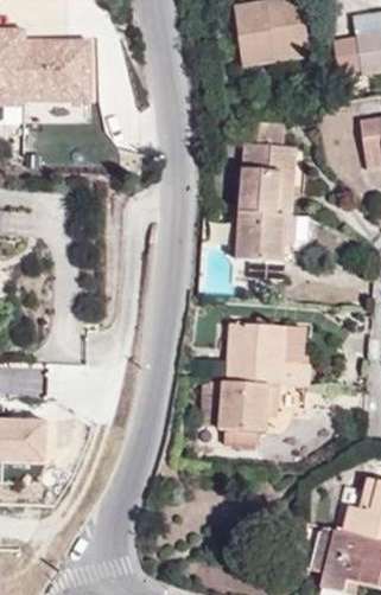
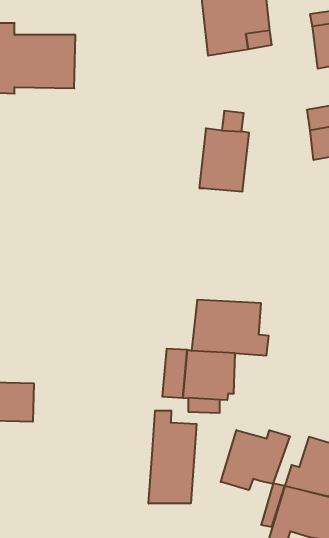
building: [234,206,293,276] -> none
building: none -> [149,410,197,504]
building: none -> [221,430,290,490]

